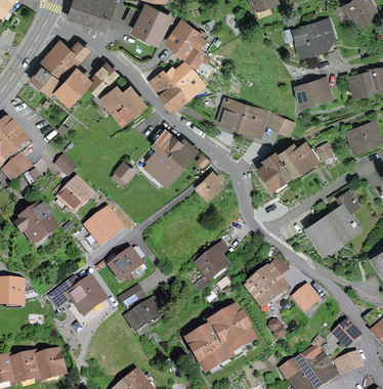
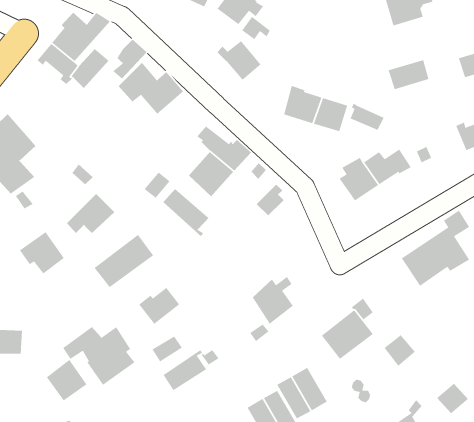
building: [151,71,187,106] -> none
building: none -> [163,188,209,237]
building: none -> [46,359,88,401]

